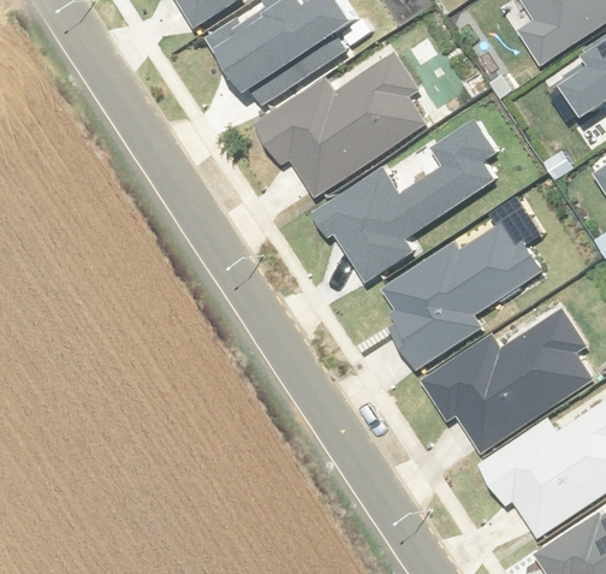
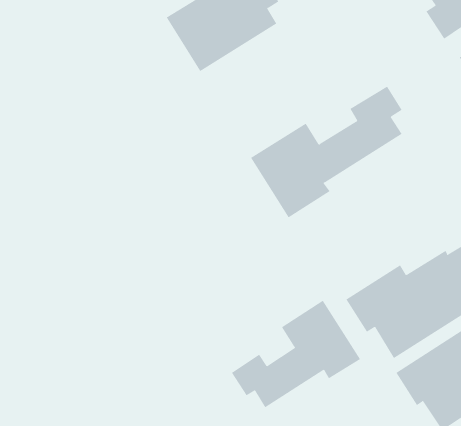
building: [256,51,429,194] -> none
building: [382,223,543,368] -> none
building: none -> [231,300,361,408]

